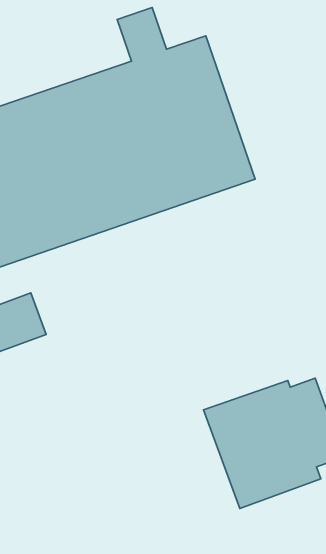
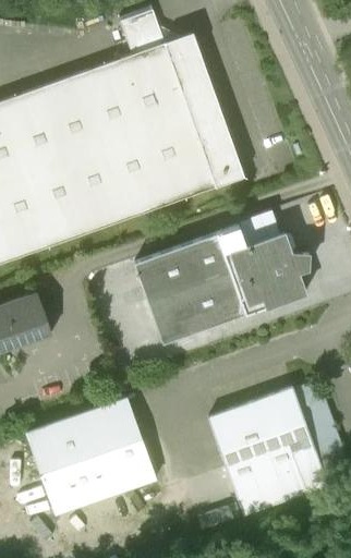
building: none -> [133,223,307,341]
building: none -> [25,395,154,511]

